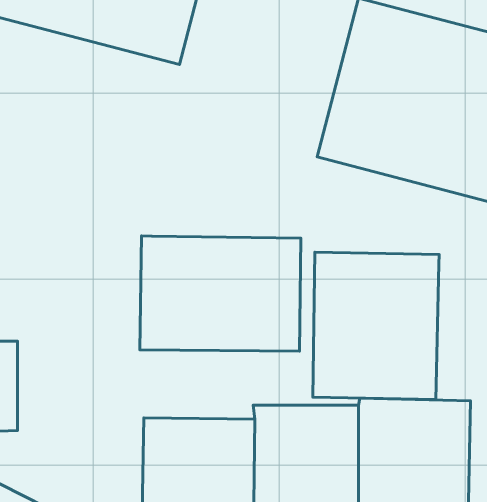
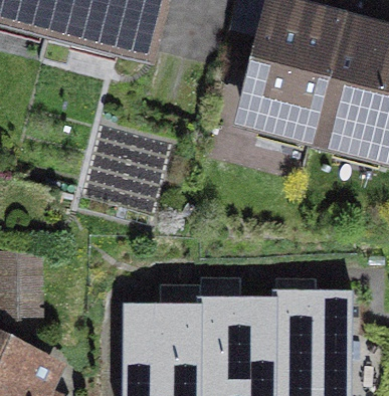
building: [140,236,301,351] -> none
building: [313,252,439,399] -> none

